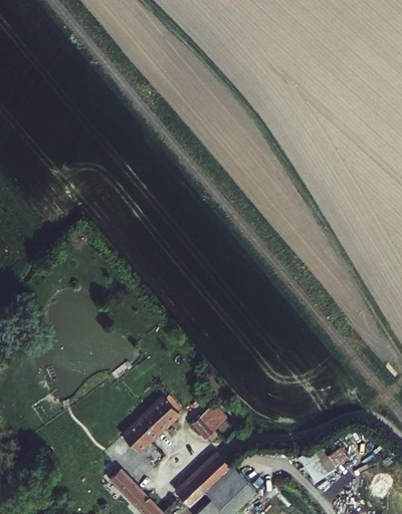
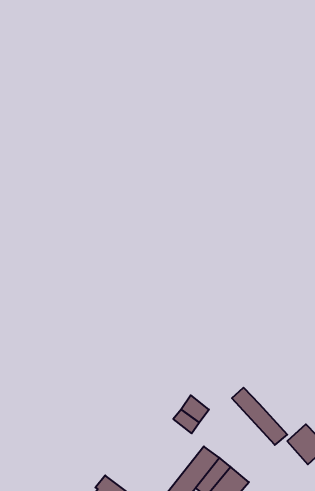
building: [124,401,178,453] -> none
building: none -> [232,388,287,445]

